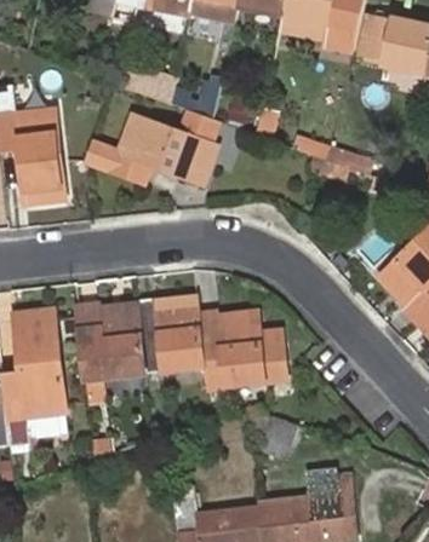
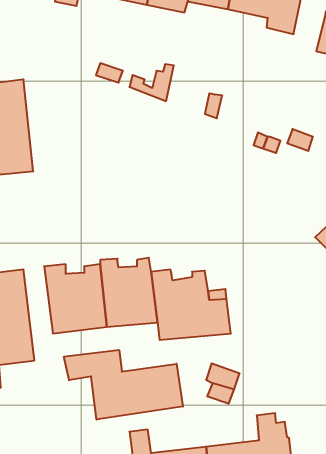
building: [86,111,218,179] -> none
building: none -> [64,350,183,420]

